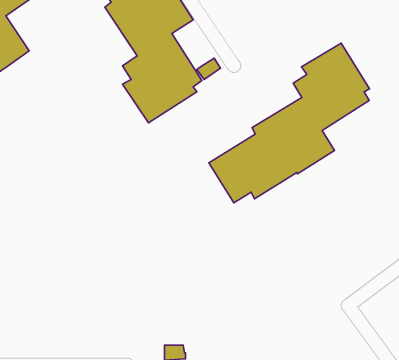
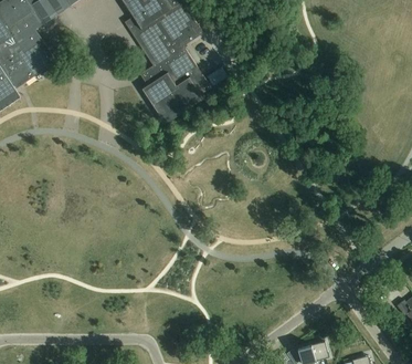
building: [209,43,370,203] -> none

